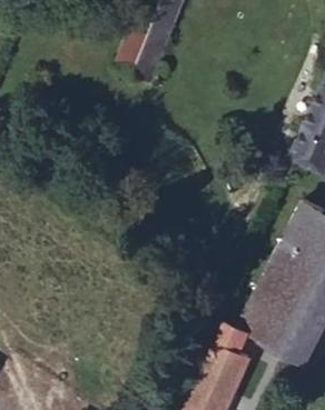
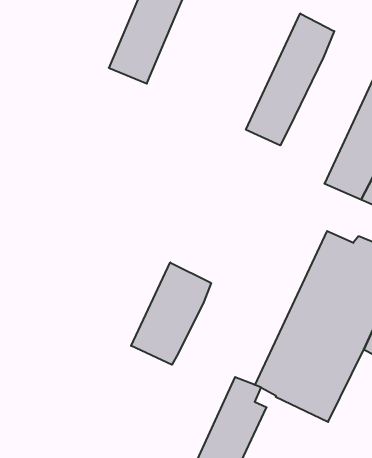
building: none -> [246,13,334,145]
building: none -> [131,262,211,365]

